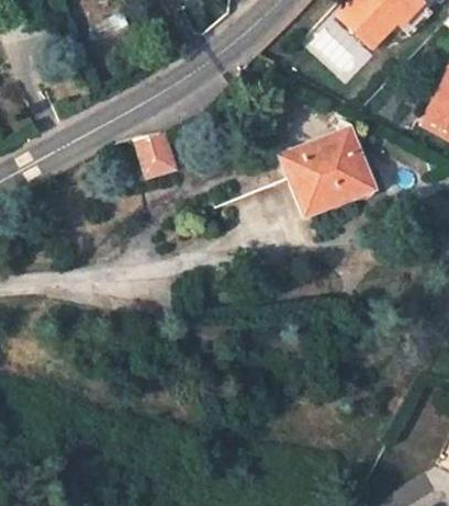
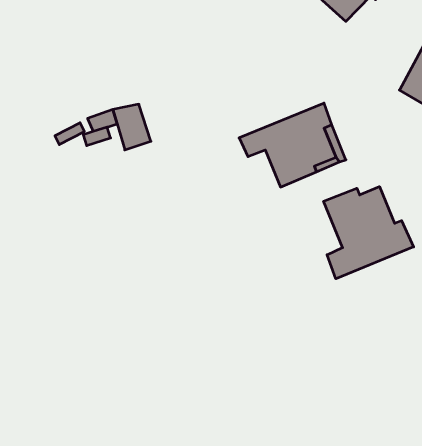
building: none -> [324,187,414,279]

